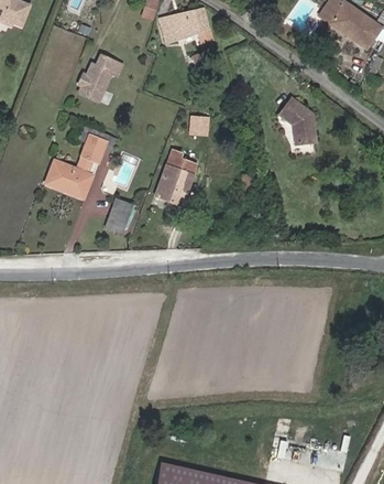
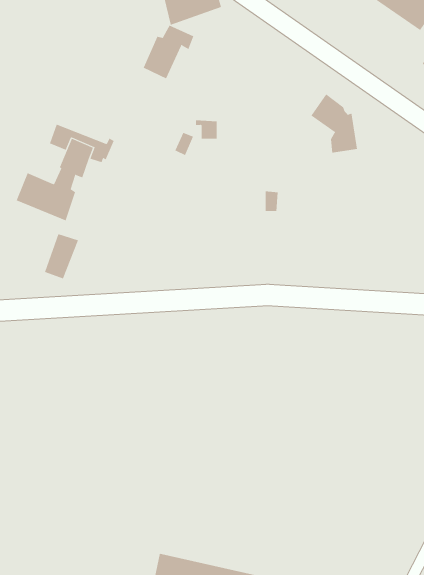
building: [80,55,121,98] -> [143,25,194,79]
building: [155,155,197,205] -> none
building: [105,200,132,236] -> [44,233,79,279]

